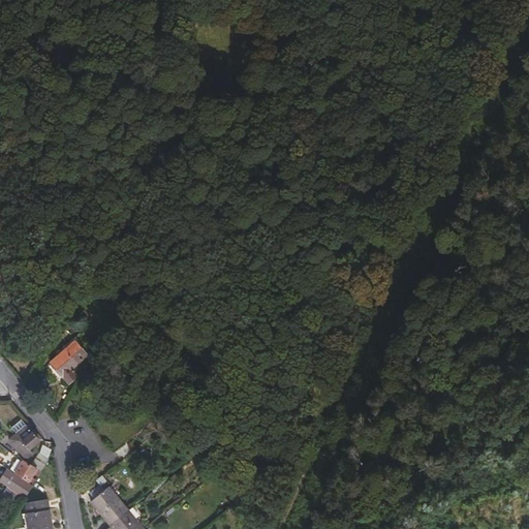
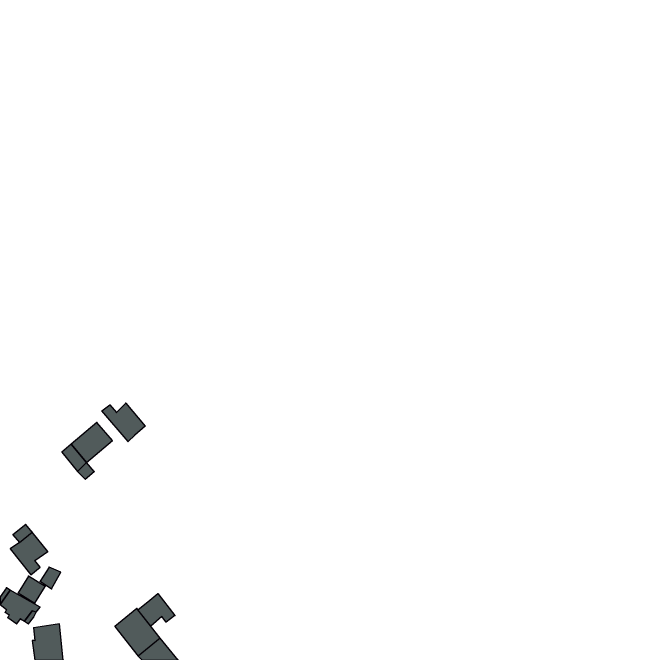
building: none -> [102,403,145,442]
building: none -> [138,594,175,626]

